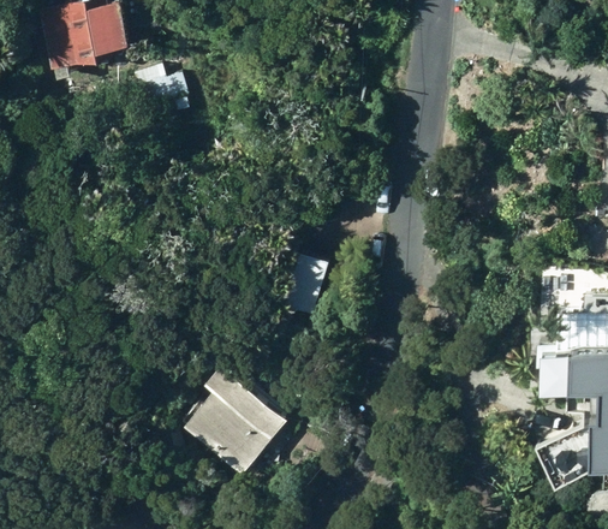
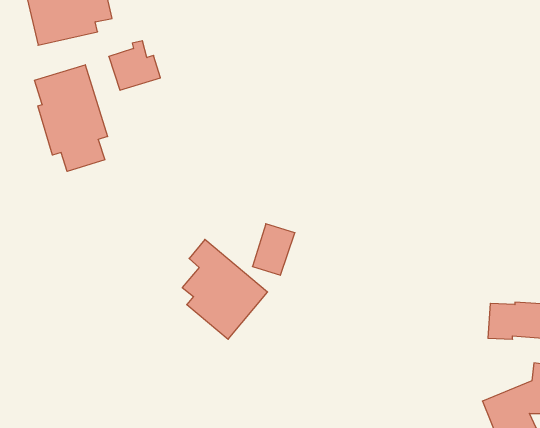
building: none -> [35,65,108,171]
building: [201,362,292,469] -> [182,239,268,339]

